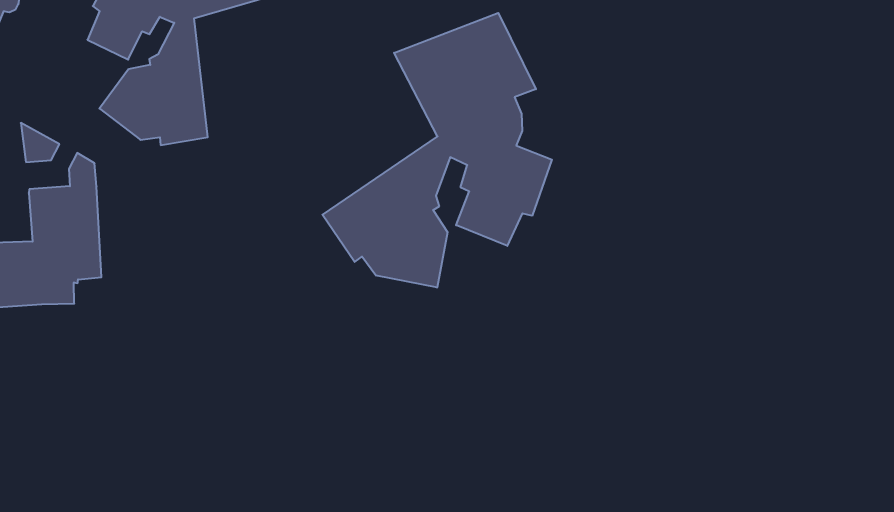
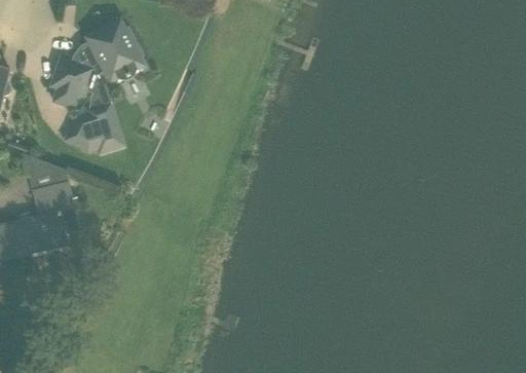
building: [322,13,552,288] -> none

